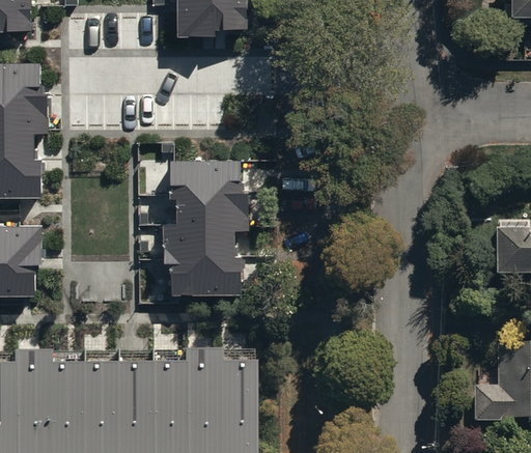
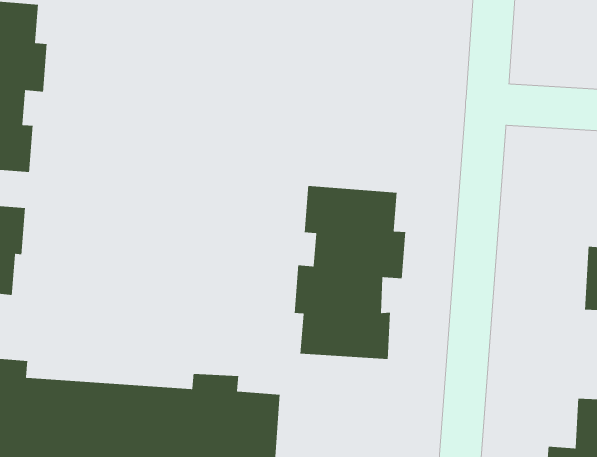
building: [165,161,250,296] -> [294,185,406,360]

